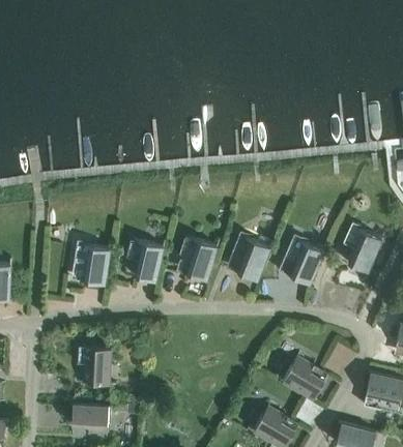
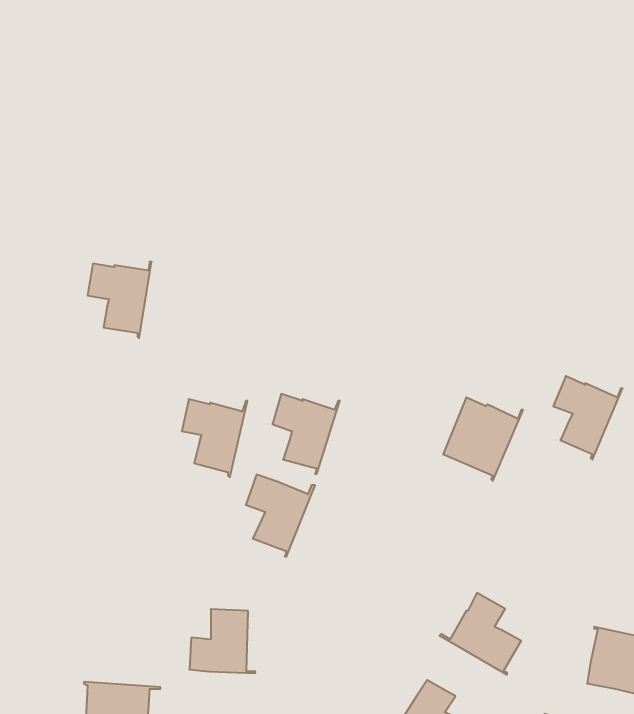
building: [232,236,272,284] -> [246,475,315,556]
building: [74,244,111,289] -> [88,262,152,338]
building: [77,348,115,385] -> [189,609,255,673]

